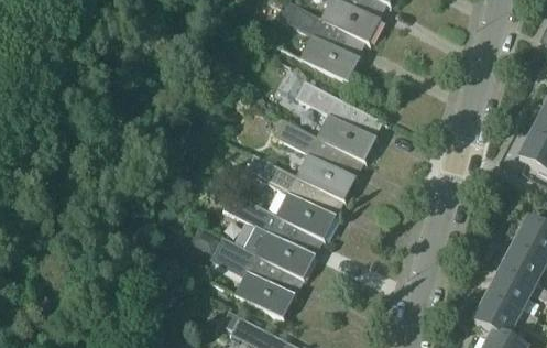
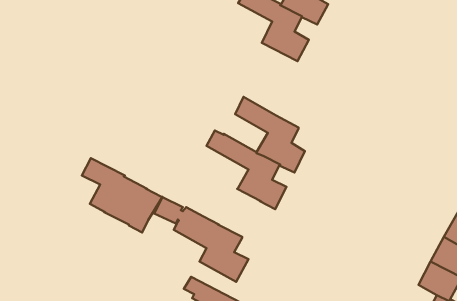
building: [285,74,372,160] -> none
building: [233,197,320,278] -> [82,158,163,233]

